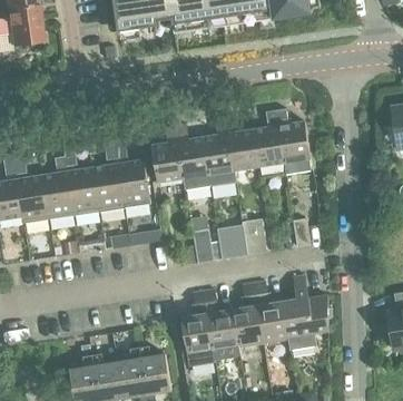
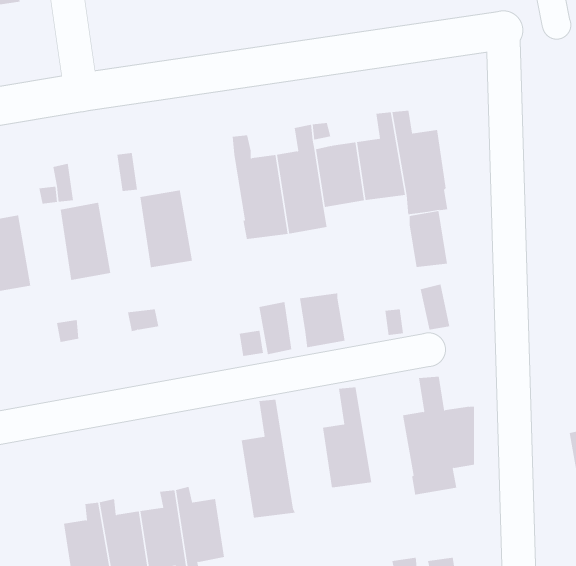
building: [151,126,184,183] -> none
building: [92,164,125,212] -> none
building: [42,172,75,219] -> none
building: [243,218,267,254] -> [409,211,448,267]
building: [254,281,289,343] -> none
building: [204,288,240,360] -> none

